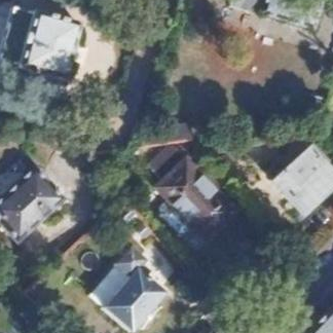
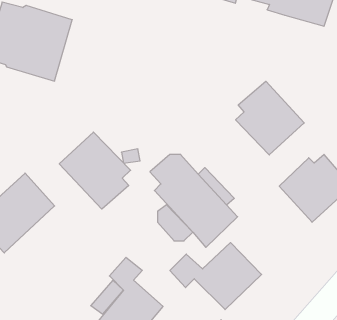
building: none -> [236,81,304,155]
building: none -> [59,132,131,209]
building: none -> [170,243,262,310]

